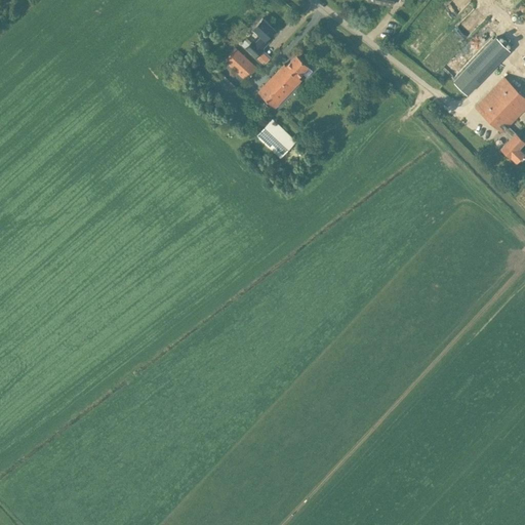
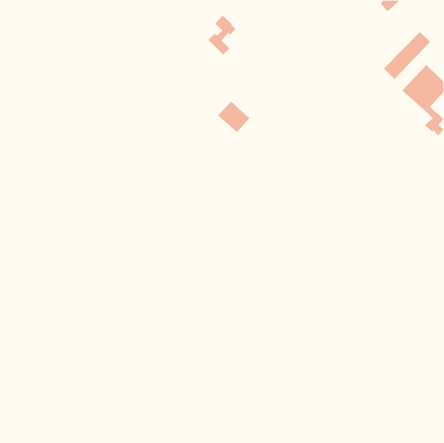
building: [224,48,257,82] -> none
building: [257,55,309,109] -> none

